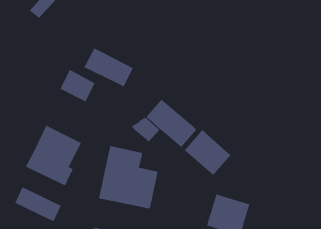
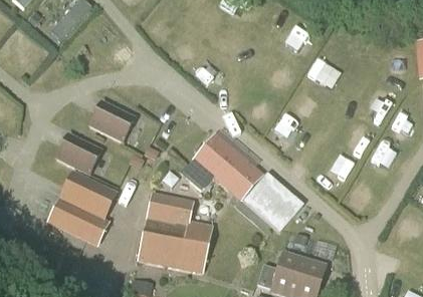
building: [84,48,134,87] -> none
building: none -> [55,133,99,174]
building: [14,187,61,222] -> none

